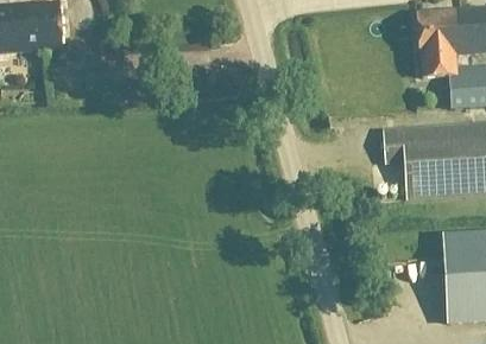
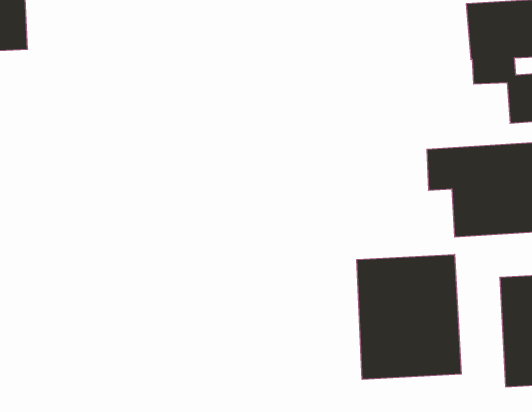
building: none -> [357,254,461,379]

